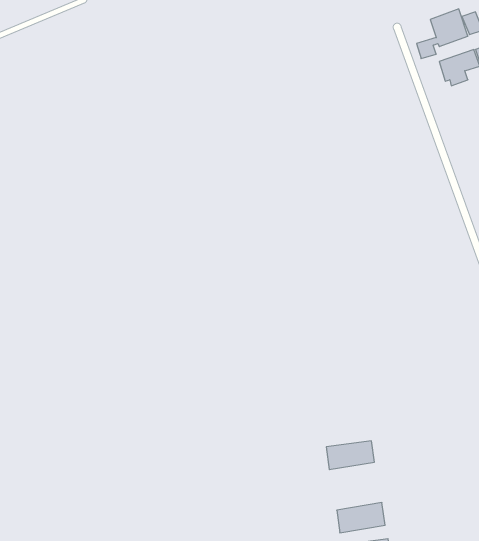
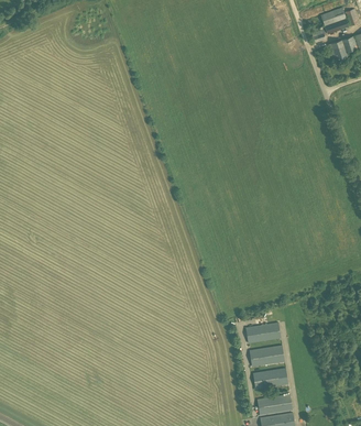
building: none -> [250,345,285,367]

